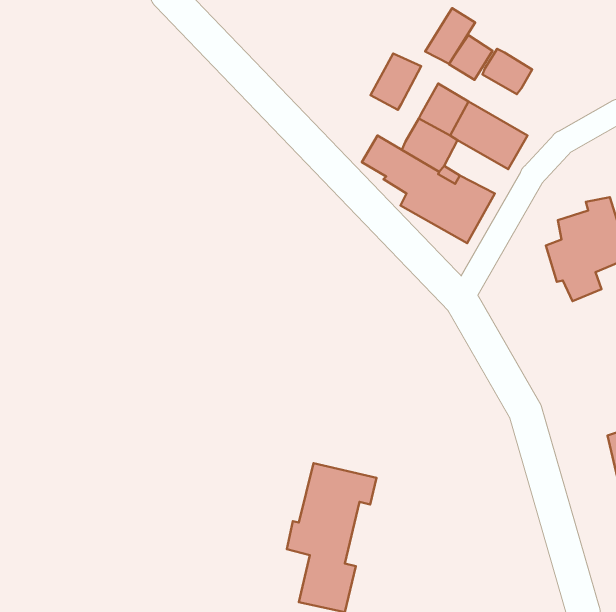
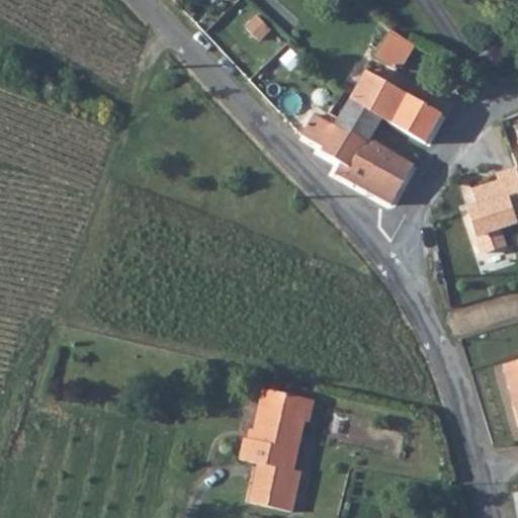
building: [425,8,475,64] -> none
building: [483,49,532,94] -> none
building: [371,53,421,110] -> none

